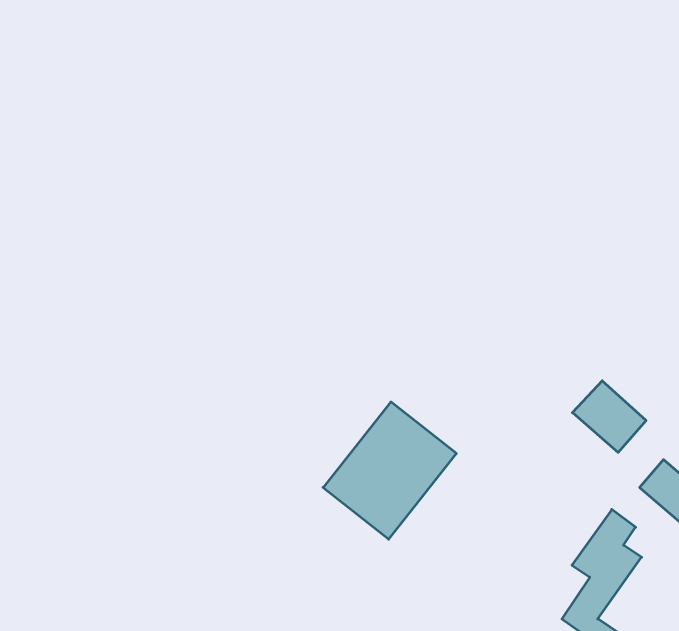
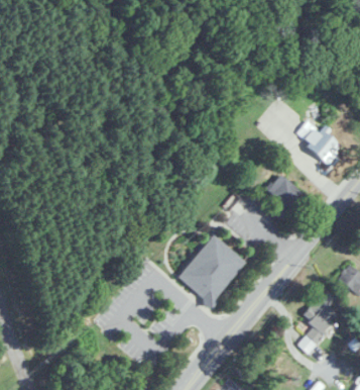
building: none -> [298,121,338,161]
building: [572,381,646,452] -> [268,176,306,212]

